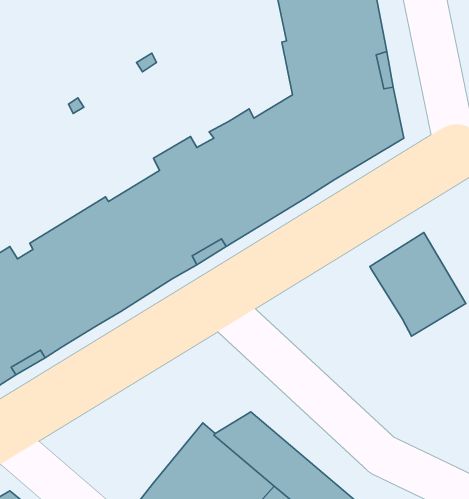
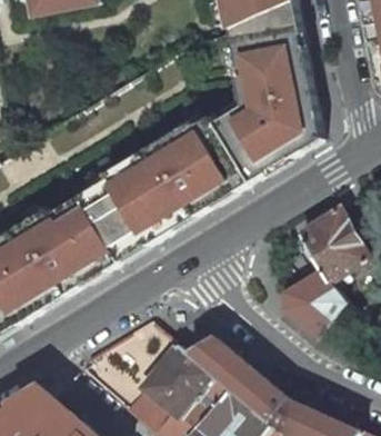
building: none -> [281,267,345,336]

